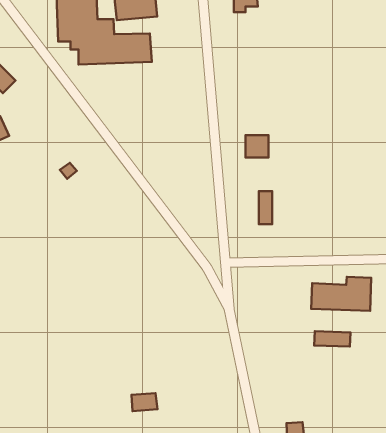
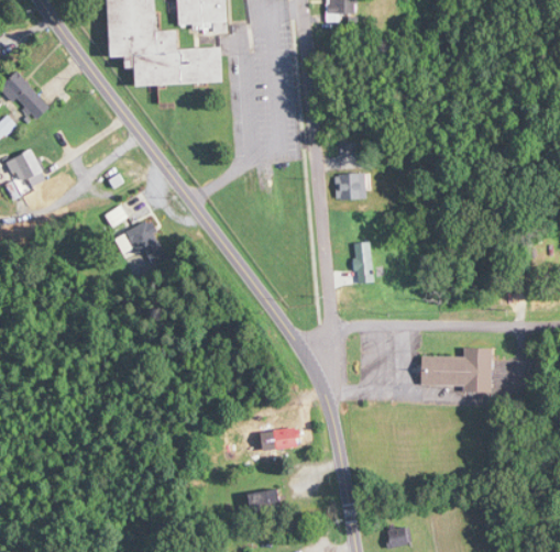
building: none -> [128,221,162,257]
building: [314,331,350,346] -> none
building: none -> [273,429,298,449]
building: [132,393,157,411] -> [246,490,278,512]

